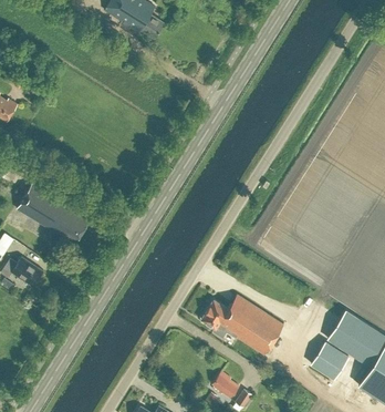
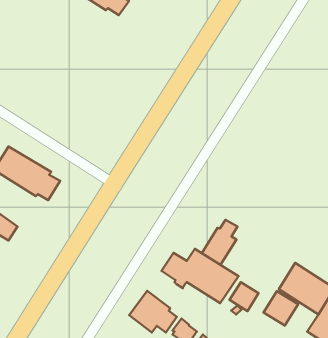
building: none -> [202,220,238,265]
building: none -> [230,282,259,311]
building: none -> [129,291,177,333]

